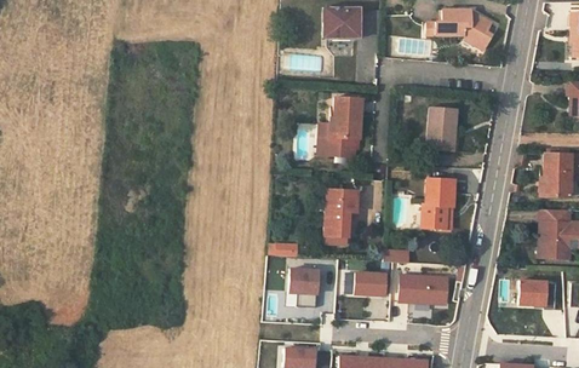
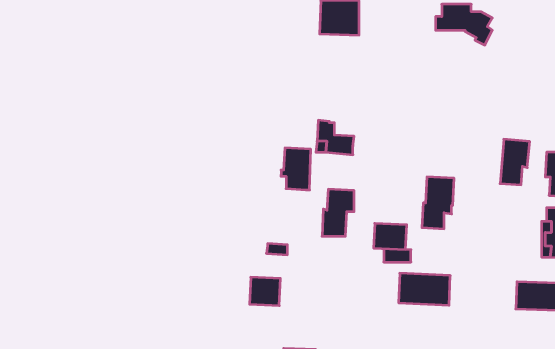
building: [332,97,361,138] -> [281,148,311,190]
building: [428,107,457,151] -> [500,139,530,185]
building: [291,266,321,294] -> [250,277,280,306]
building: [356,270,389,295] -> [374,223,407,249]

